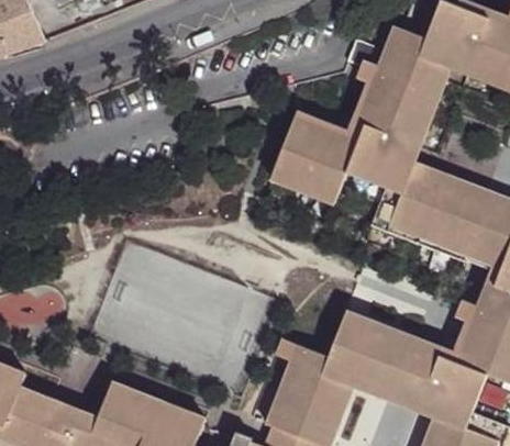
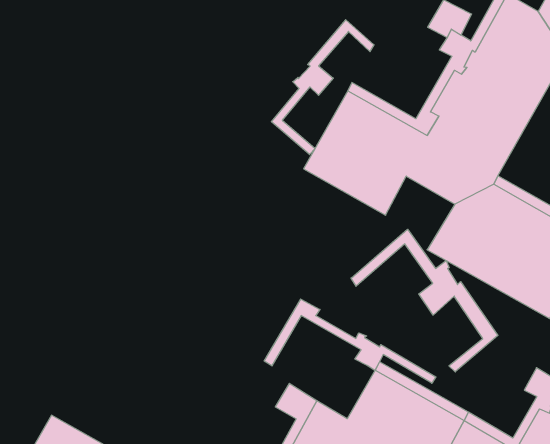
building: none -> [271,20,374,155]
building: none -> [351,229,498,372]
building: none -> [264,299,436,383]

